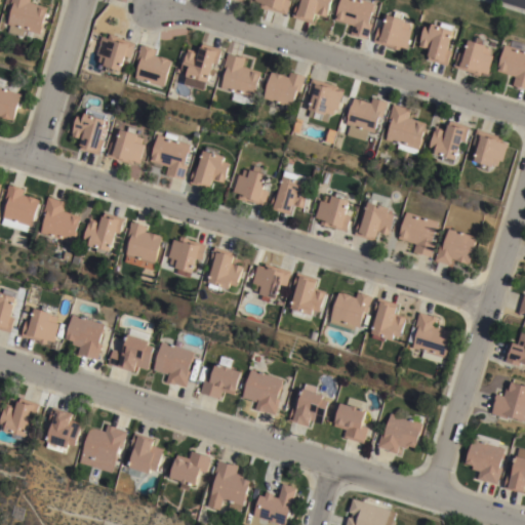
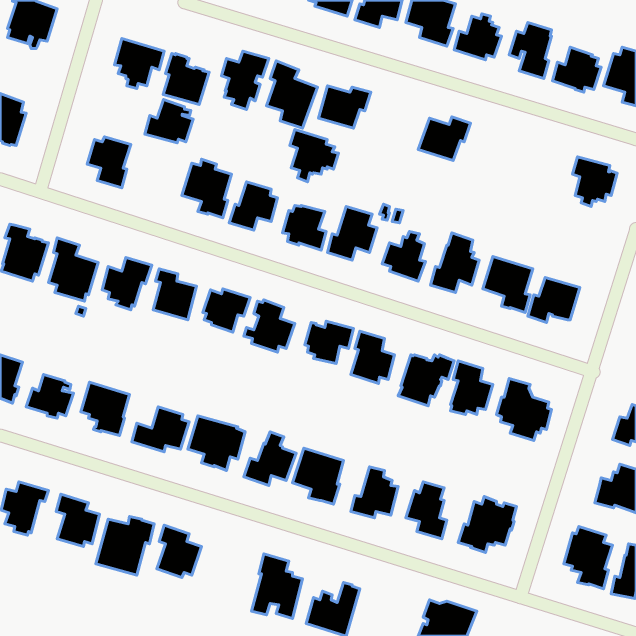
building: [307,77,347,120] -> [290,129,339,182]
building: [385,104,426,154] -> none
building: [429,120,470,159] -> none
building: [107,128,147,164] -> [145,99,193,143]
building: [171,452,212,490] -> none

